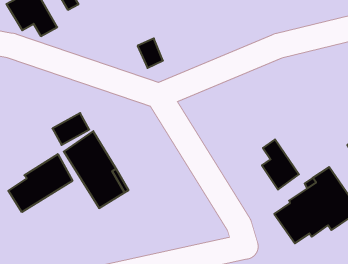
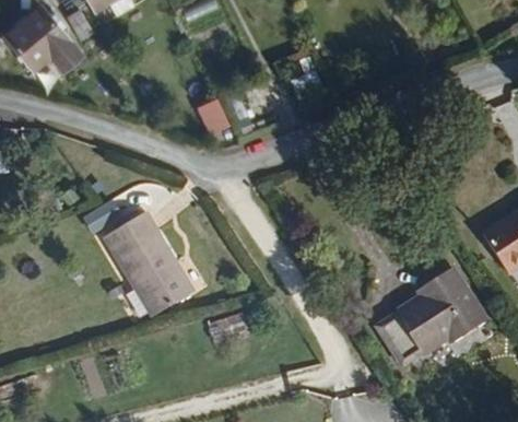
building: [262,139,299,190] -> none
building: [8,154,72,212] -> none

